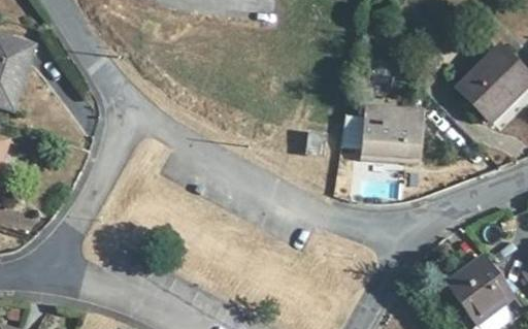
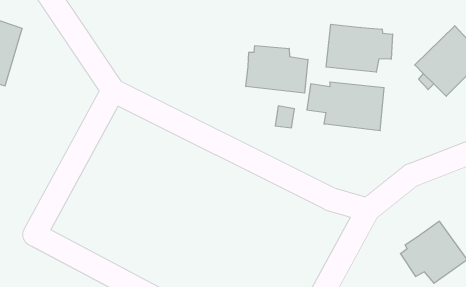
building: none -> [326,24,393,72]
building: none -> [246,46,308,93]

